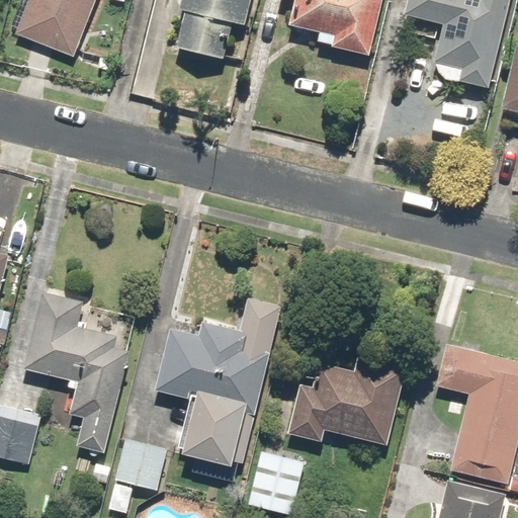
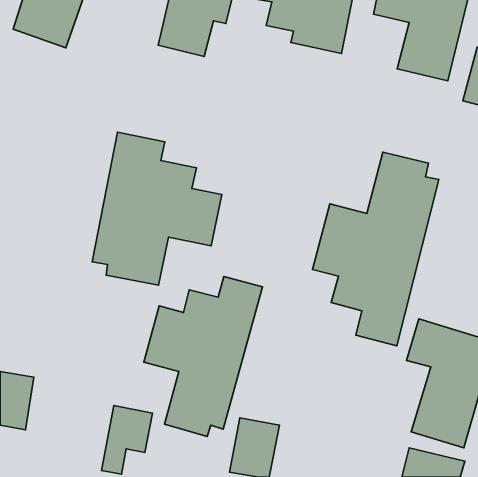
building: none -> [92,132,222,285]
building: none -> [312,152,439,346]
building: [29,291,128,451] -> none
building: [285,356,402,445] -> none

